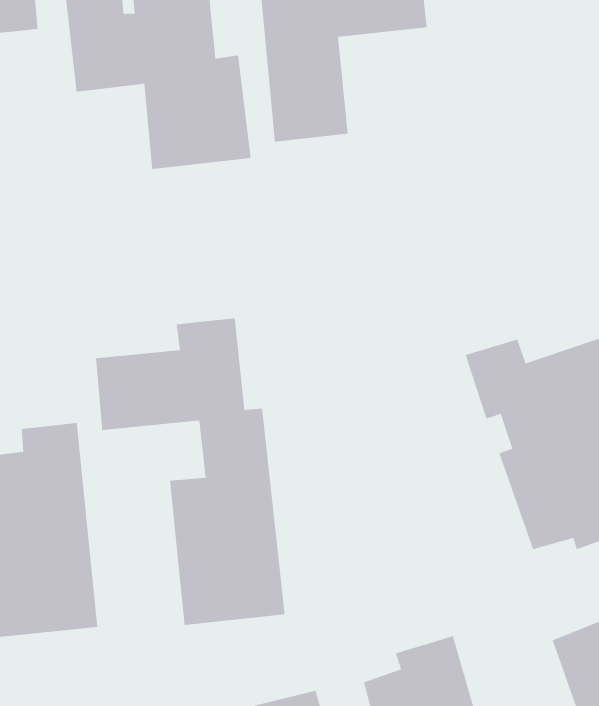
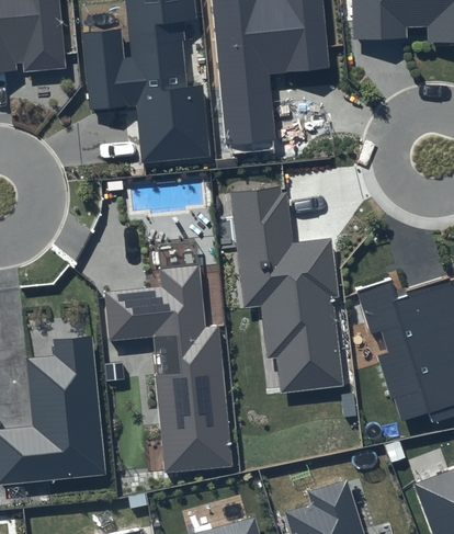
building: none -> [230,185,343,394]

